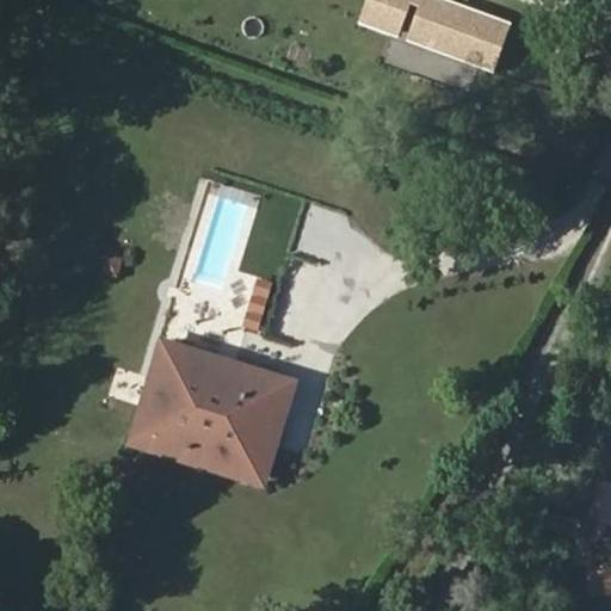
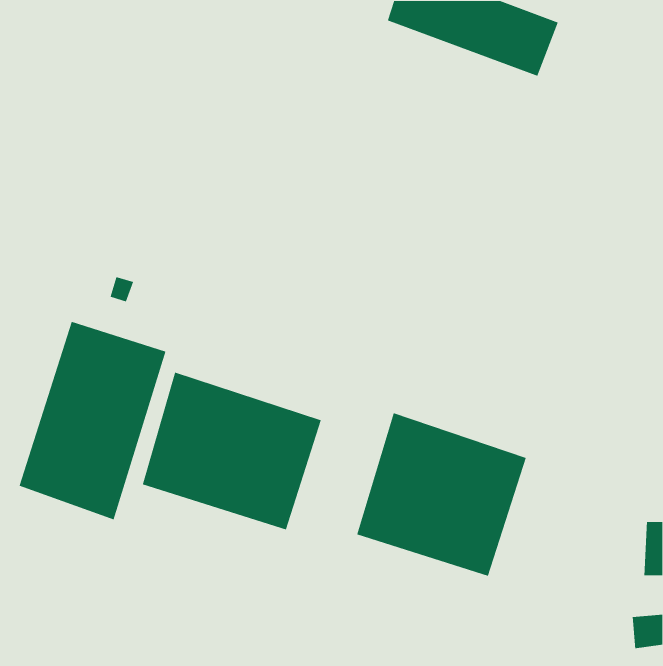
building: none -> [19,321,167,520]
building: none -> [356,412,527,577]

